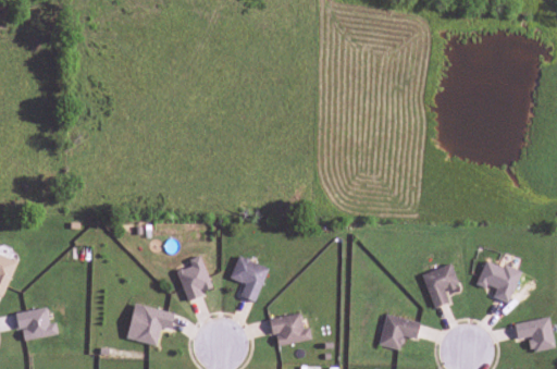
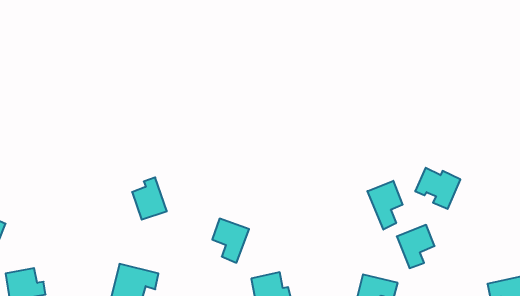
building: none -> [367,181,403,230]
building: [177,255,213,298] -> [132,177,167,220]
building: [475,259,522,302] -> [415,168,460,209]

